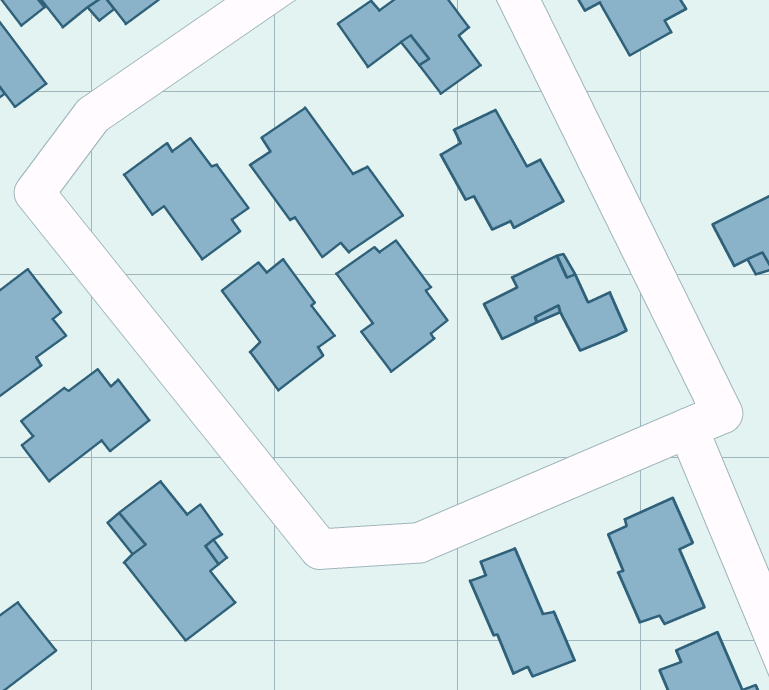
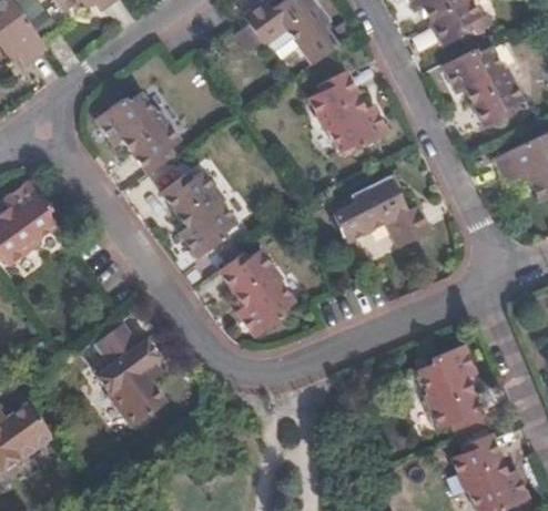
building: none -> [437,44,516,124]
building: [250,108,403,257] -> none
building: [336,241,447,372] -> [220,248,294,336]
building: [21,369,149,481] -> none
building: [470,548,575,676] -> none

